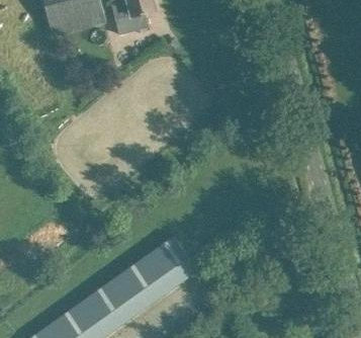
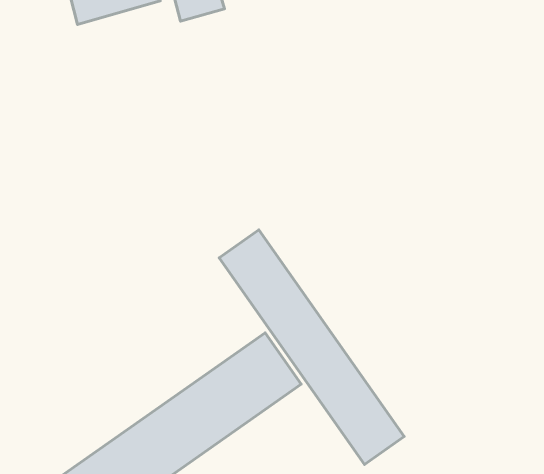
building: none -> [219,230,404,464]

